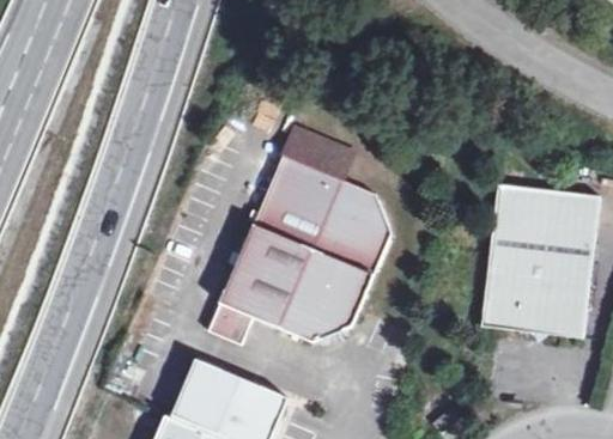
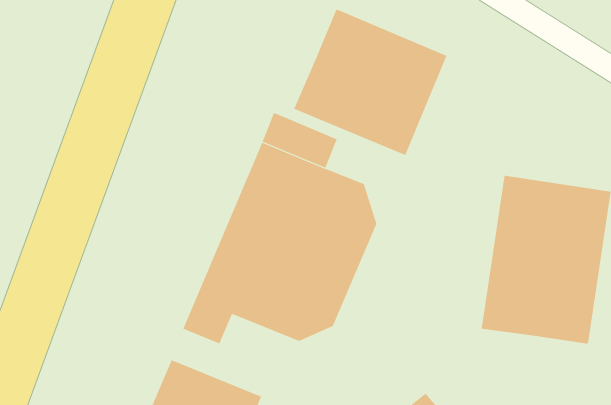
building: none -> [294,9,447,156]

